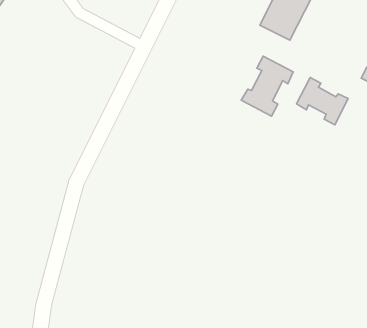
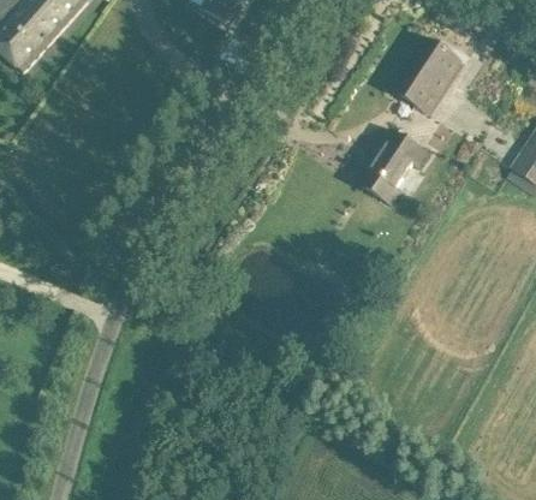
building: [297,78,348,125] -> none

